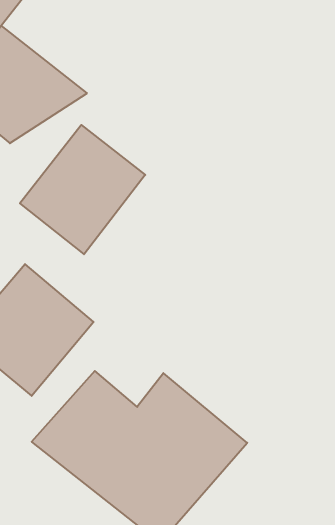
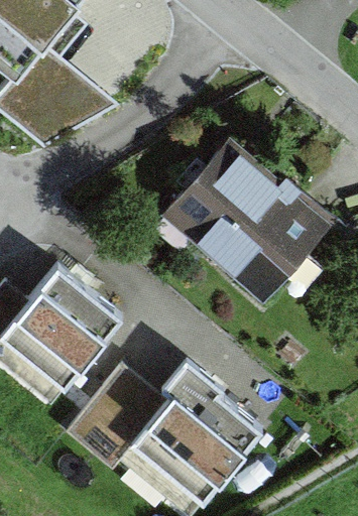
building: [20,125,145,254] -> none
building: none -> [163,140,320,294]

